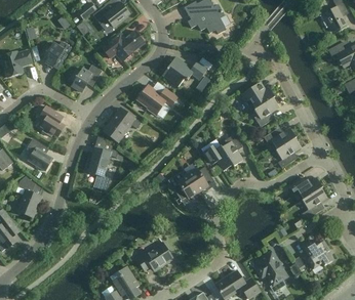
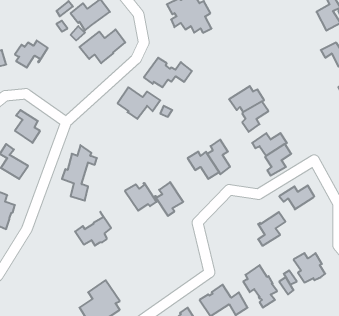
building: [71,63,102,91] -> none
building: [103,113,142,141] -> none
building: [187,166,216,191] -> [125,183,157,211]
building: [302,187,327,219] -> [258,212,285,246]
building: [135,238,169,269] -> [75,212,111,246]

